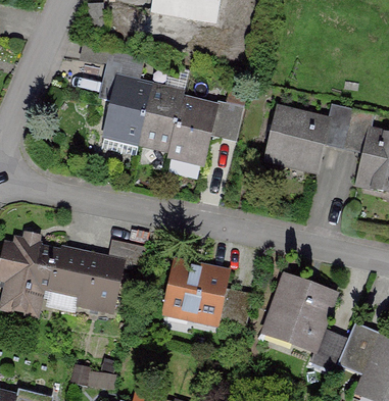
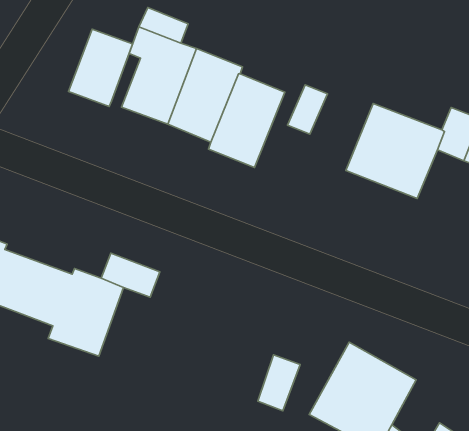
building: none -> [69,29,133,107]
building: [163,260,229,324] -> none

